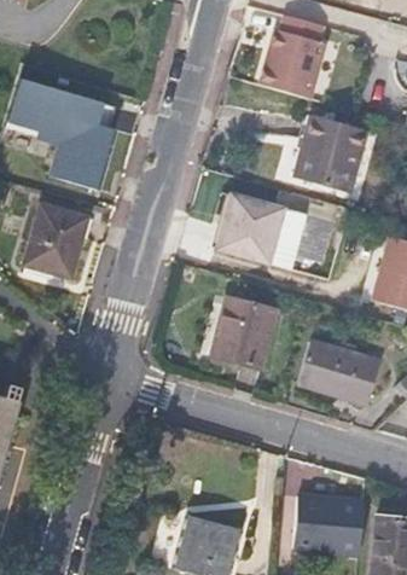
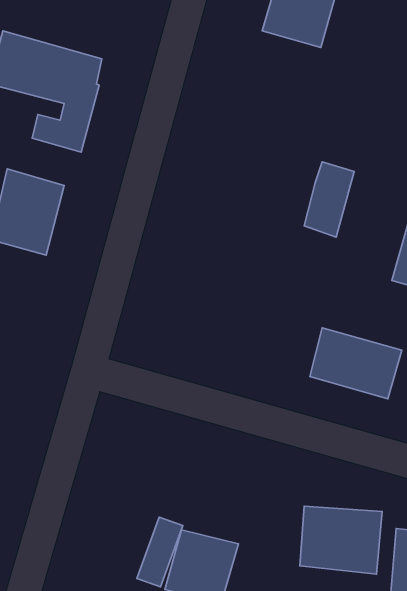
building: [296,115,367,192] -> none
building: [216,194,306,269] -> none
building: [211,296,277,368] -> none

